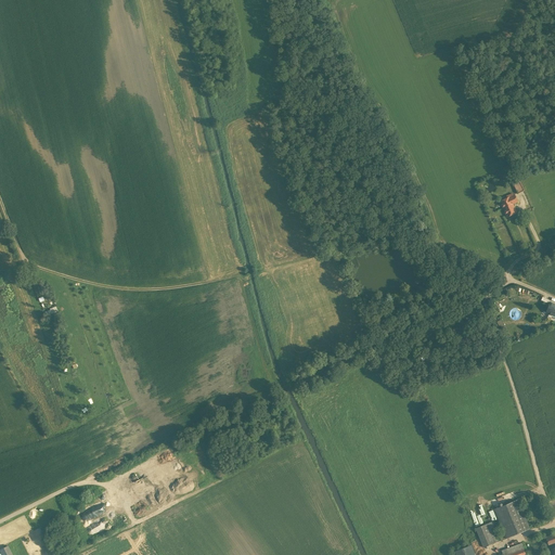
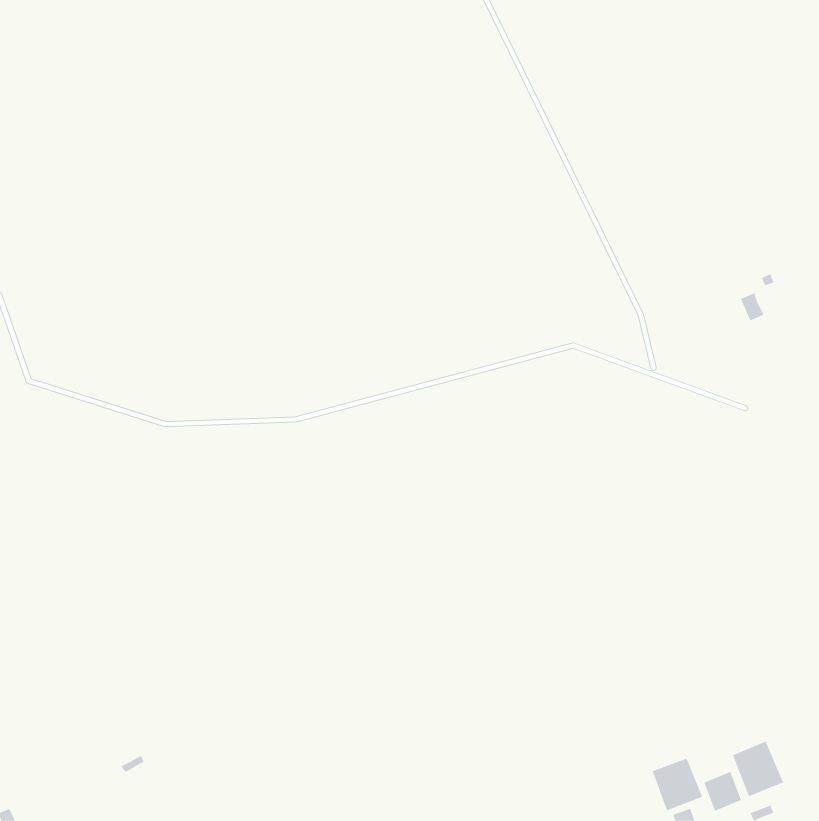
building: none -> [652,758,703,811]

